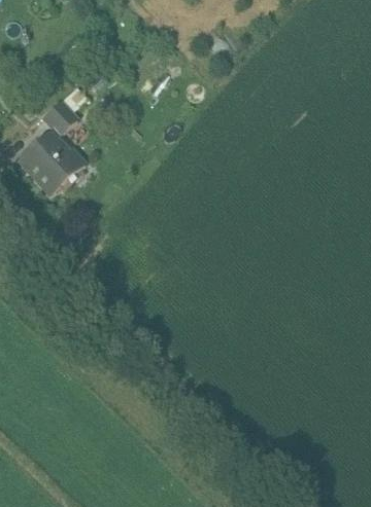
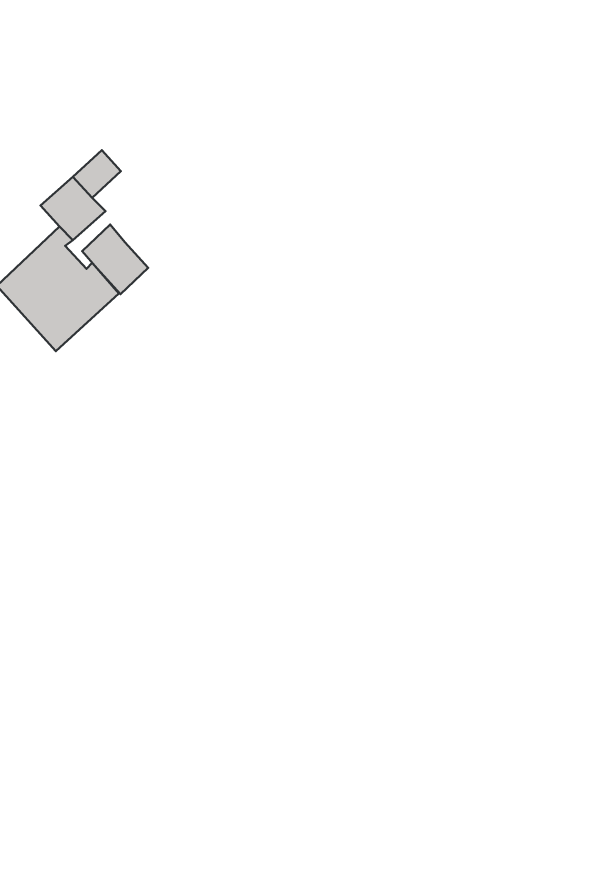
building: none -> [82,225,148,294]

